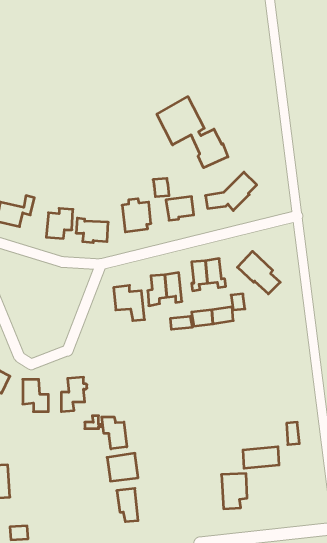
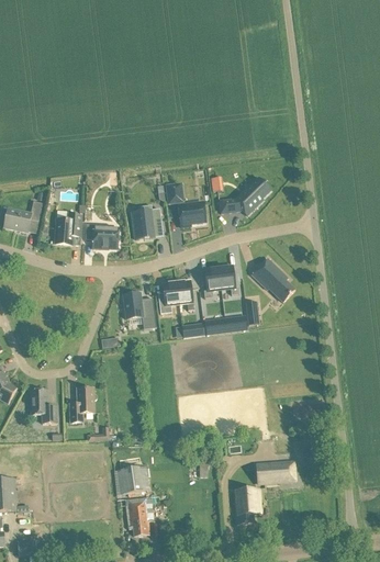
building: [157,97,228,168] -> none
building: [102,417,127,449] -> none

